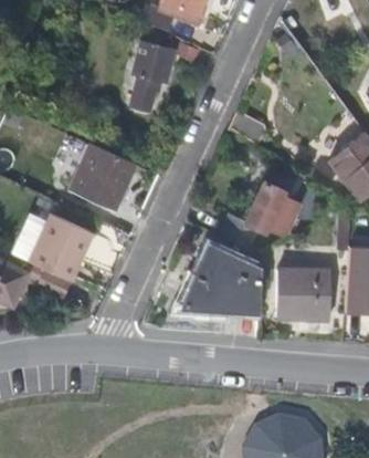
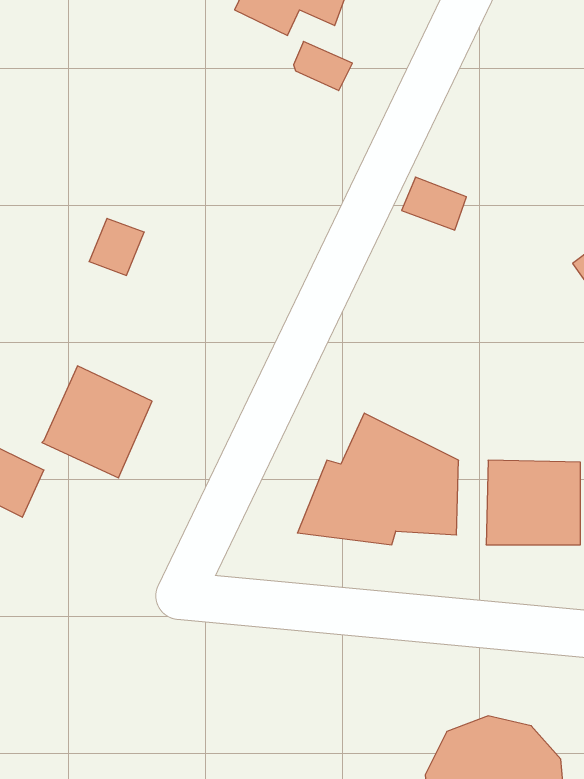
building: [135,55,171,110] -> none
building: [68,142,138,211] -> none
building: [250,179,305,231] -> none

